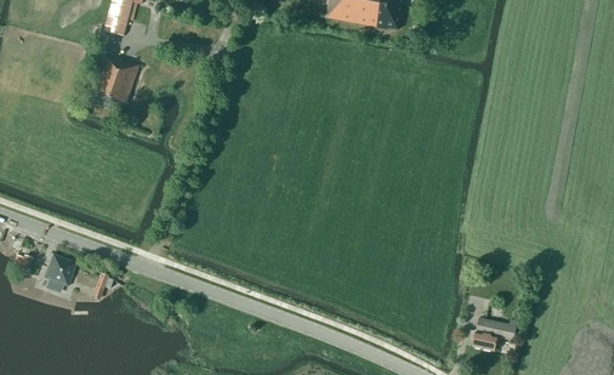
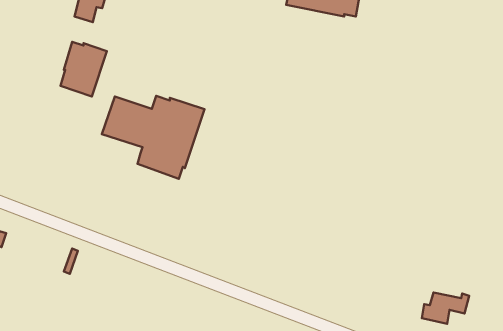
building: none -> [102,96,205,179]
building: [45,254,76,286] -> none

